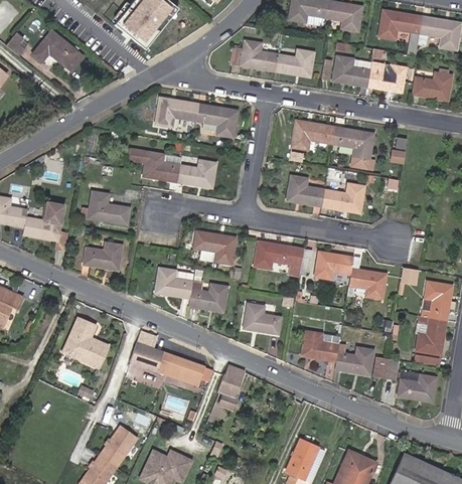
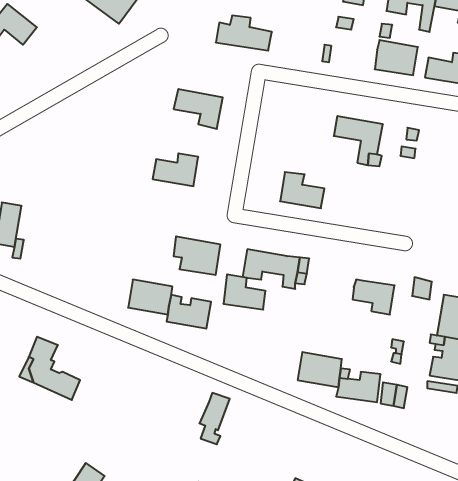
building: [277,49,313,76] -> none
building: [333,55,372,87] -> none
building: [155,97,199,126] -> none
building: [292,120,336,149] -> none
building: [130,148,181,181] -> none
building: [322,183,362,212] -> none
building: [81,191,130,223] -> none
building: [85,243,122,269] -> none
building: [316,252,353,278] -> none
building: [245,303,281,333] -> [223,274,266,310]
building: [130,330,204,384] -> none
building: [399,373,436,401] -> none

